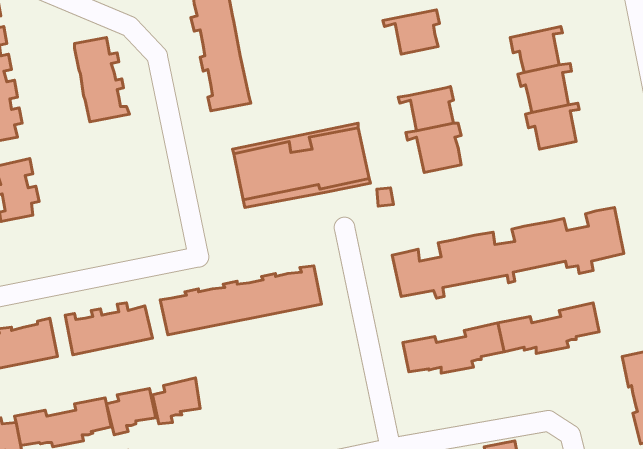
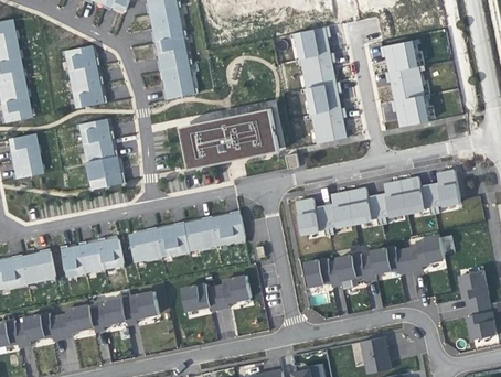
building: none -> [295,53,334,88]
building: none -> [82,119,125,187]
building: none -> [182,276,255,311]

